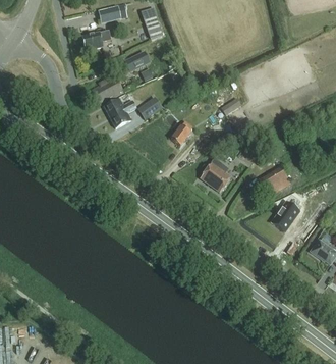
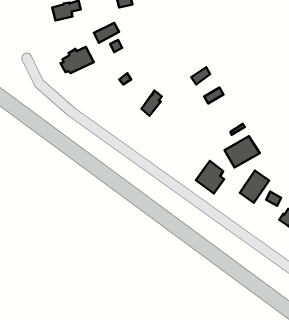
building: [104,98,135,127] -> none
building: [201,158,229,191] -> [196,161,224,193]

